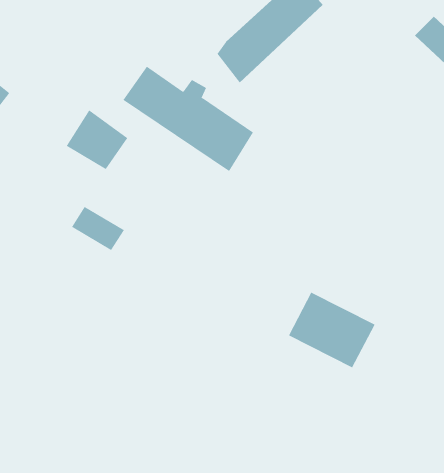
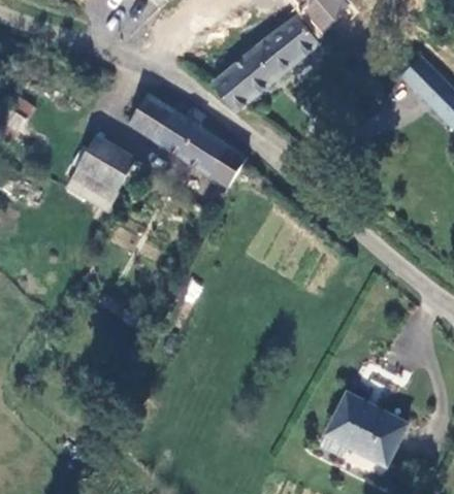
building: [71,206,125,251] -> [62,170,112,212]
building: [288,292,375,368] -> [327,391,410,463]

